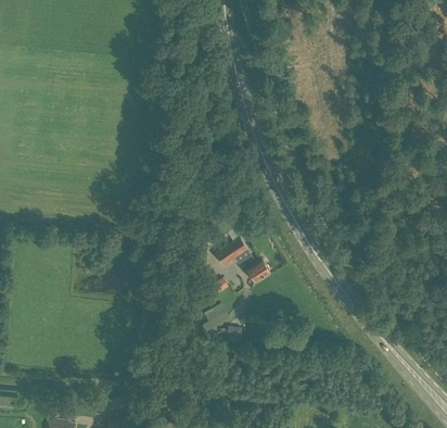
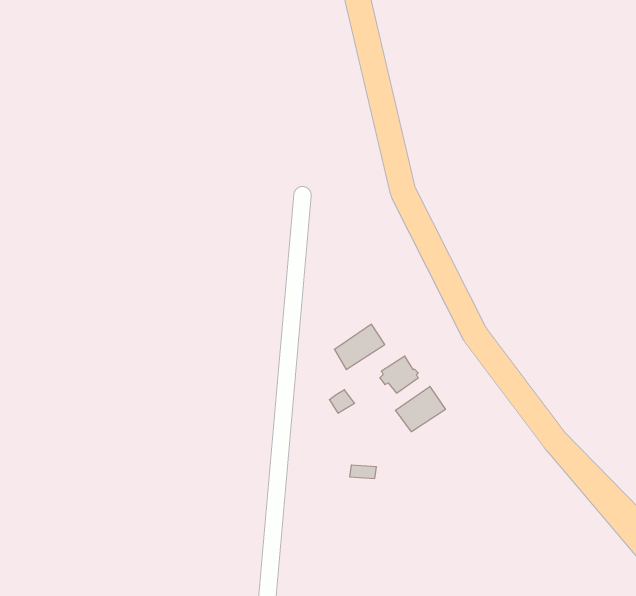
building: none -> [395,386,445,432]

